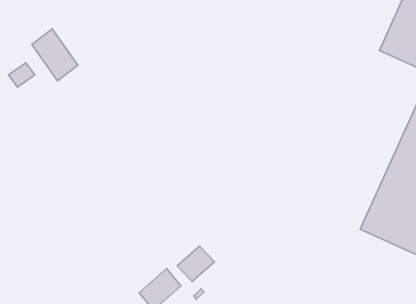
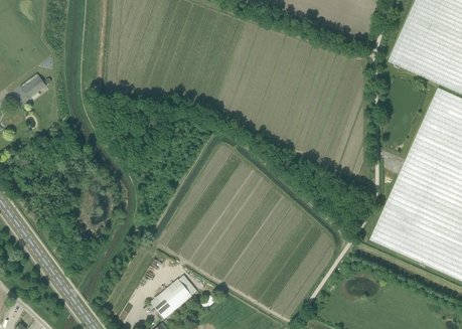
building: [32,29,78,81] -> none
building: [177,246,214,282] -> none

